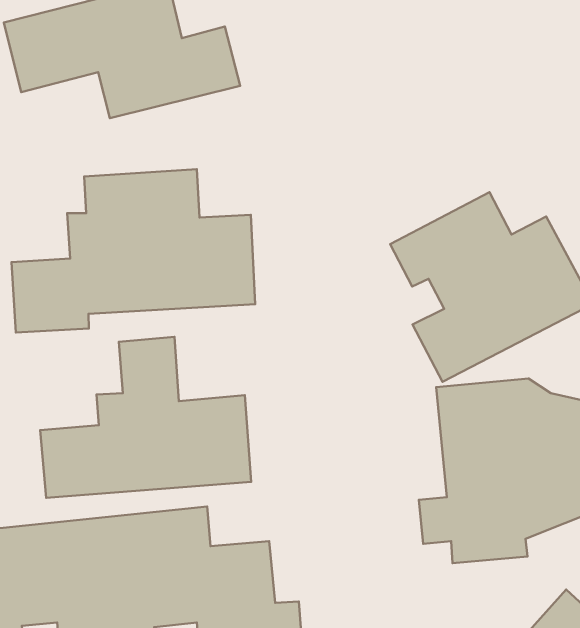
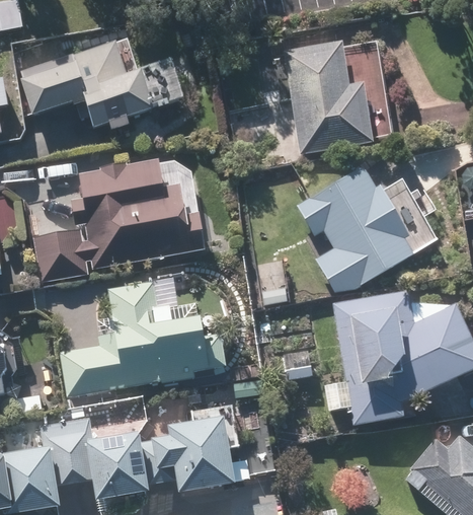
building: none -> [281,43,370,151]

